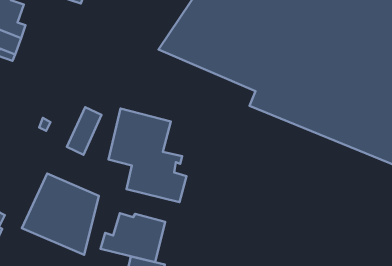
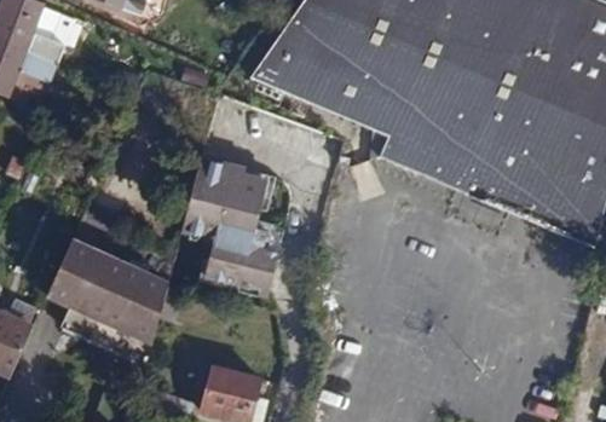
building: [67,107,102,155] -> [47,238,96,305]
building: [101,213,165,262] -> none

